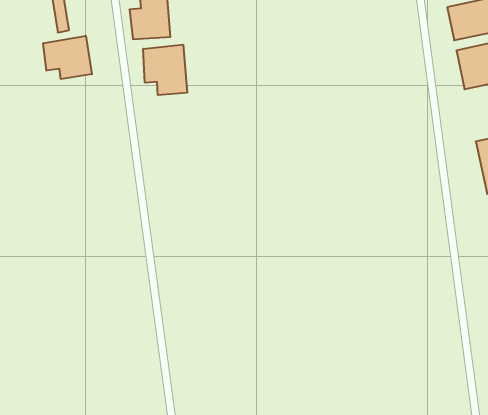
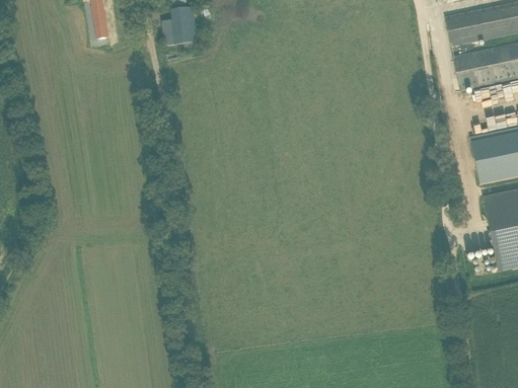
building: [43,36,92,79] -> none
building: [143,45,187,95] -> none

